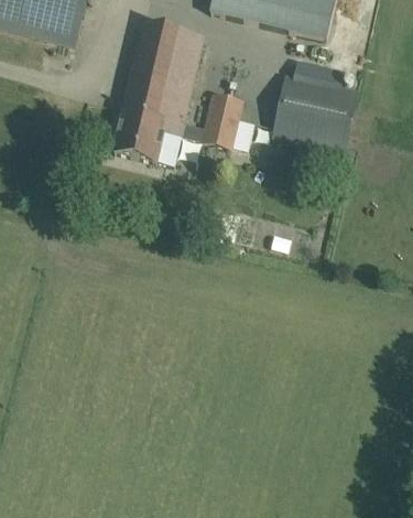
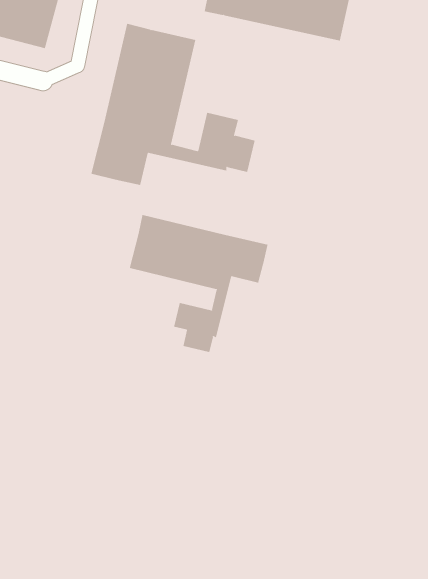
building: [271,74,358,154] -> none
building: none -> [129,214,268,353]

